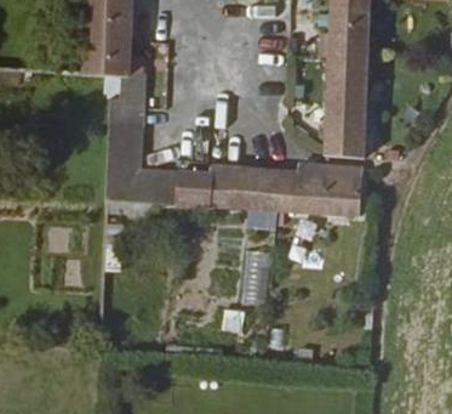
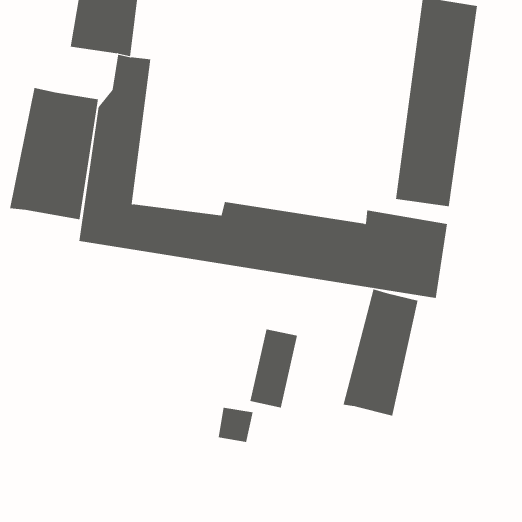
building: none -> [10,87,98,220]
building: none -> [343,288,418,417]

